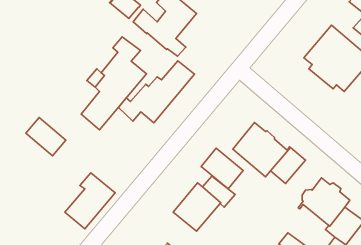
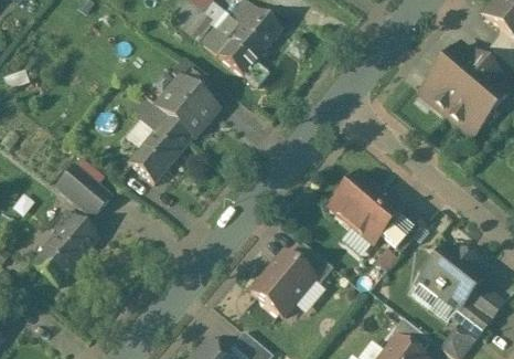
building: [118,61,195,123] -> none
building: [201,148,243,189] -> none
building: [65,173,115,229] -> [32,210,98,284]

